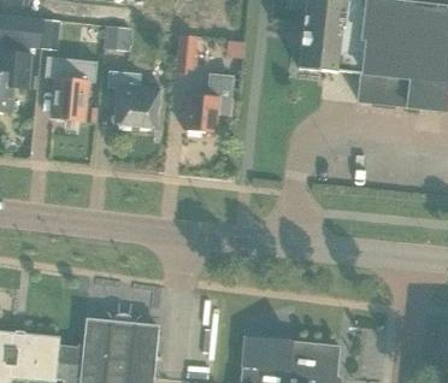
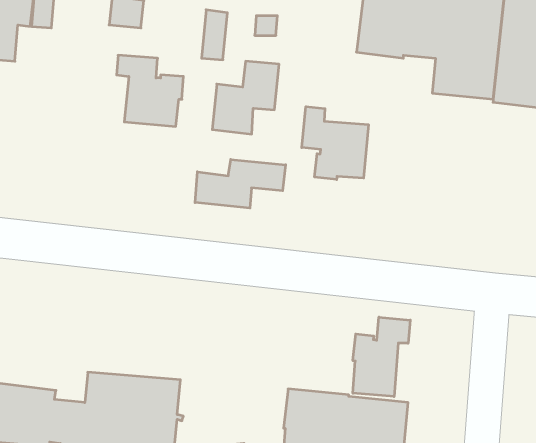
building: [45,55,98,119] -> none
building: none -> [302,107,368,180]
building: none -> [195,159,286,208]
building: none -> [353,317,410,397]

